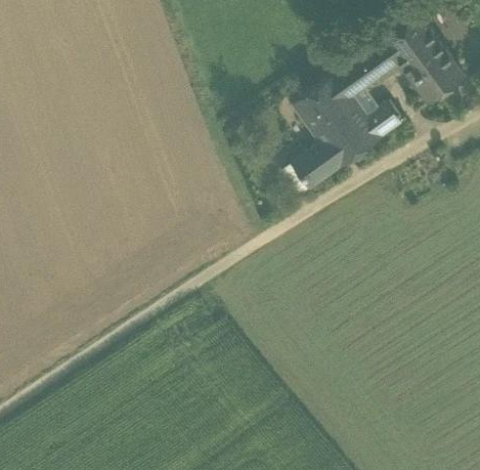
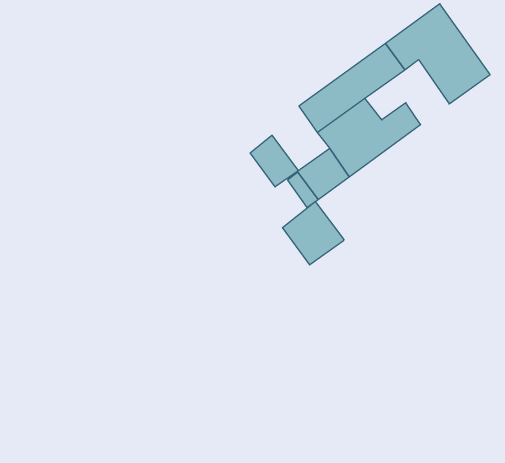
building: none -> [250,135,298,187]
building: none -> [283,202,344,265]

